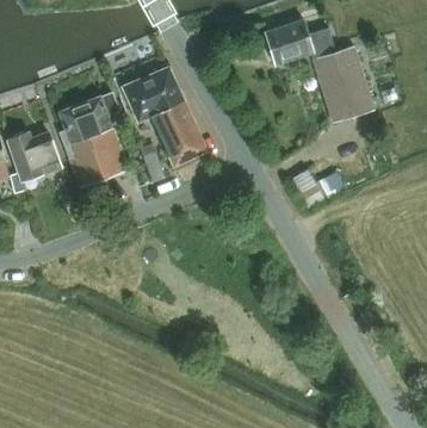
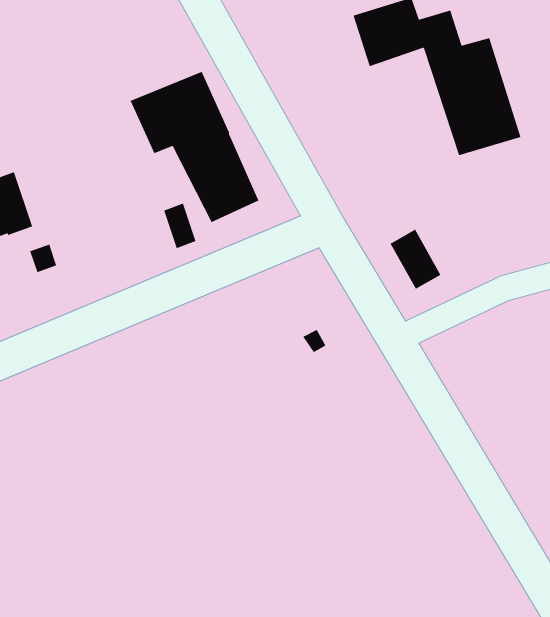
building: [58,92,128,187] -> none

